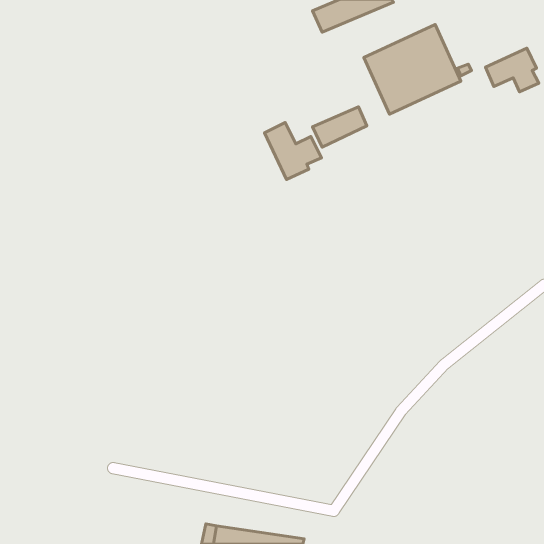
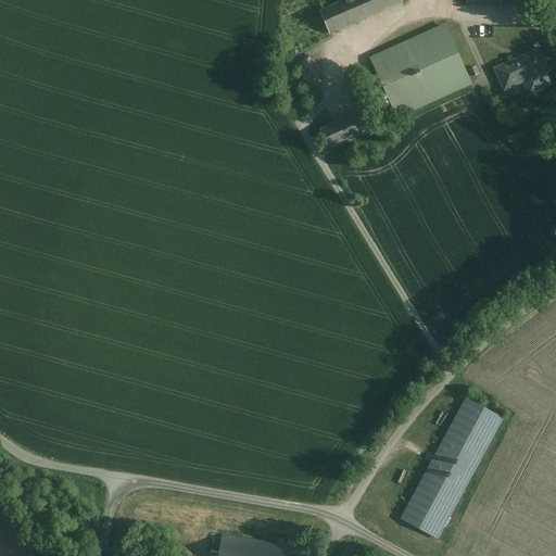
building: [264,123,321,179] -> none
building: none -> [401,399,501,538]

